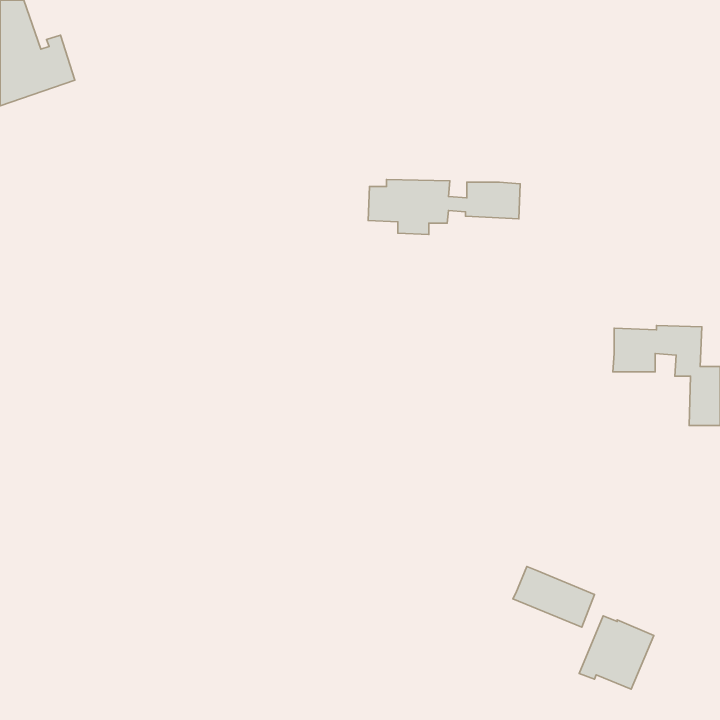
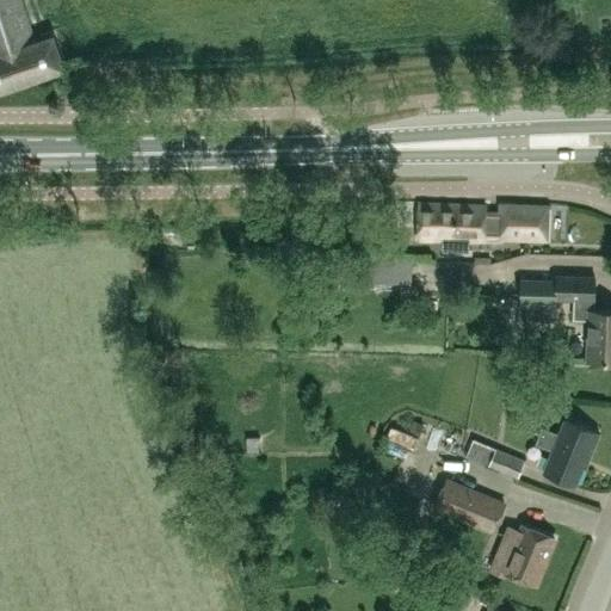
building: [368,179,520,234] -> [416,204,545,251]
building: none -> [536,419,599,486]
building: none -> [465,439,524,479]

